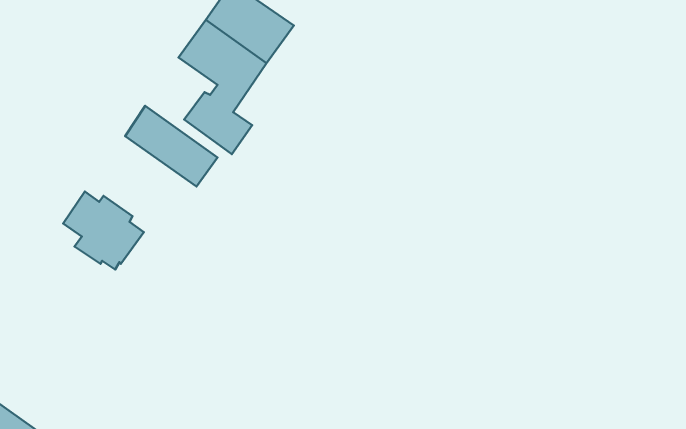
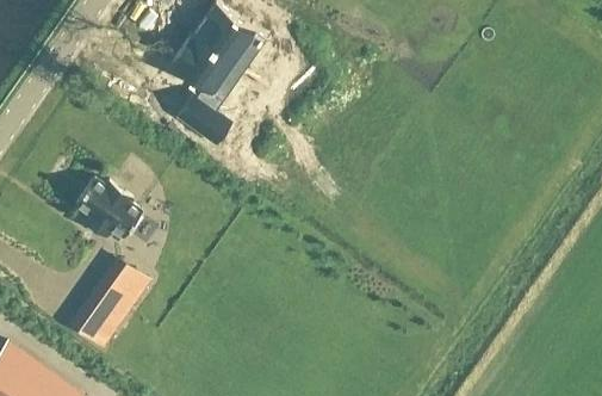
building: [125,106,218,186] -> none
building: none -> [76,259,150,345]

